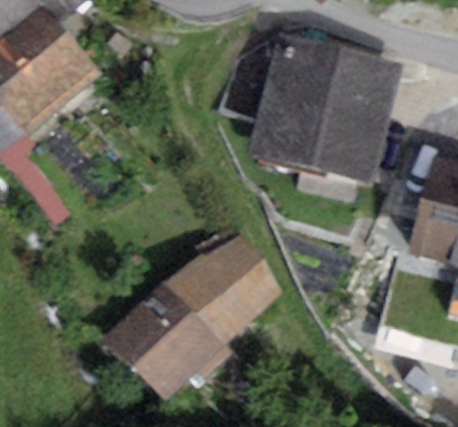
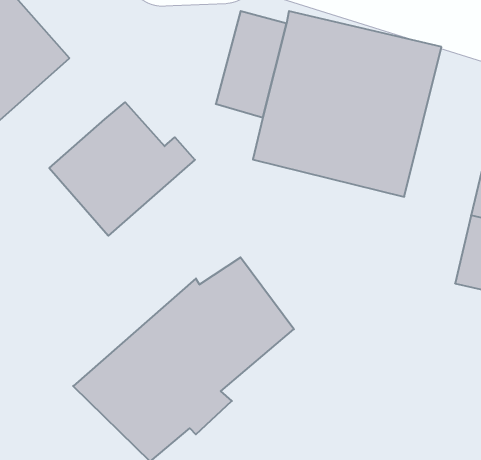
building: none -> [49,102,195,236]

